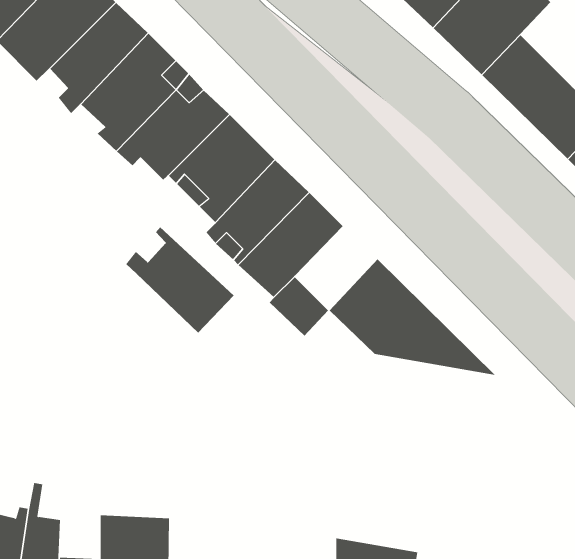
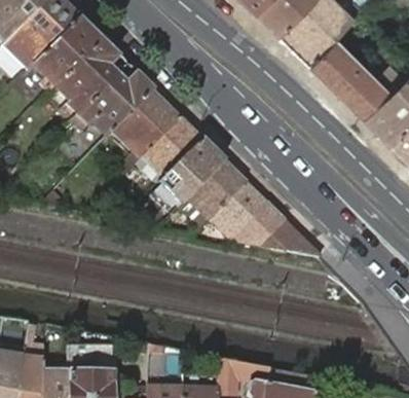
building: none -> [192,160,245,214]
building: [126,226,235,334] -> none

